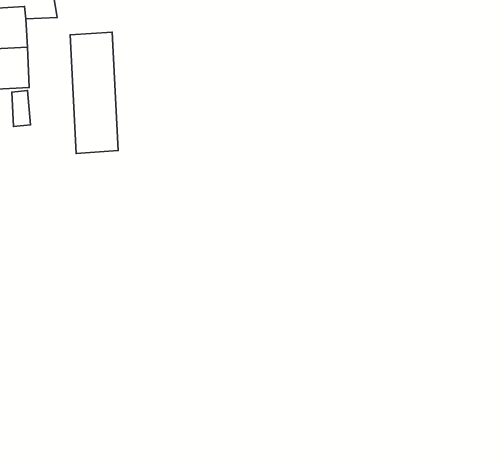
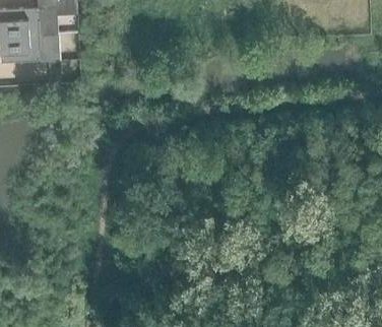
building: [70,32,118,153] -> none

